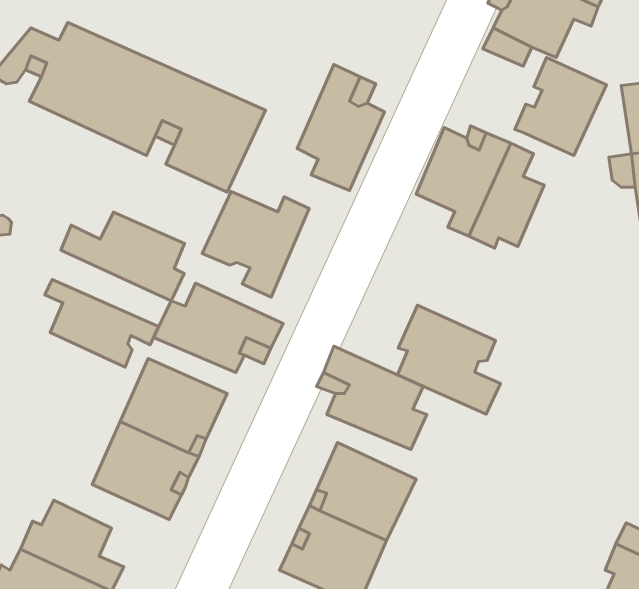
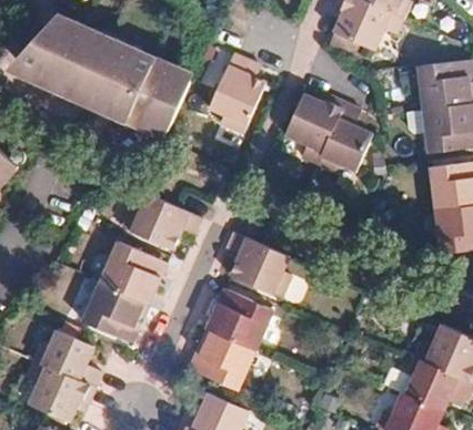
building: [515,58,607,155] -> none
building: [202,191,309,297] -> none
building: [61,212,185,301] -> none
building: [45,279,159,367] -> none
building: [398,305,500,414] -> none

